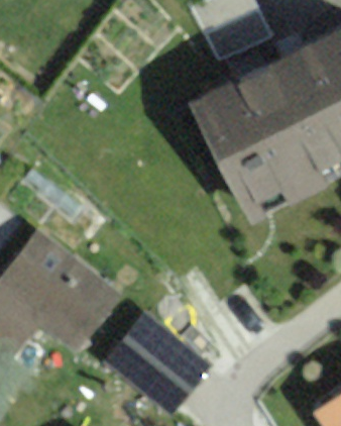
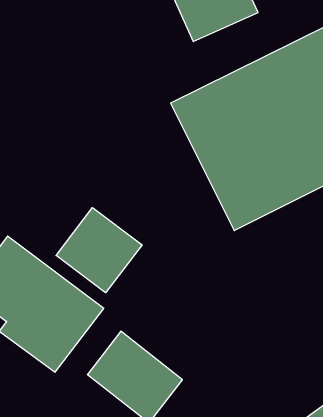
building: none -> [56,208,142,293]

